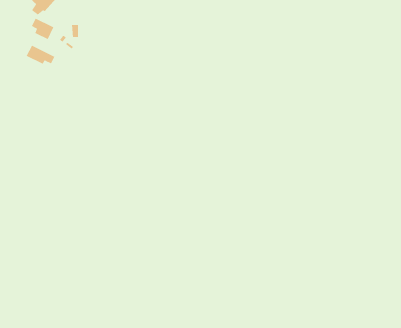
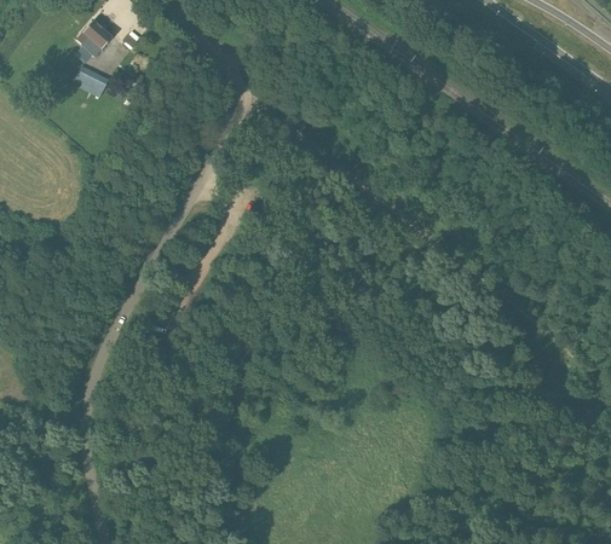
building: [26,45,55,65] -> none

